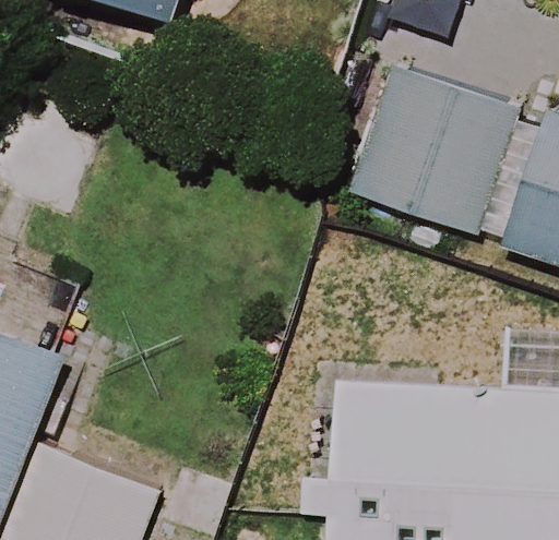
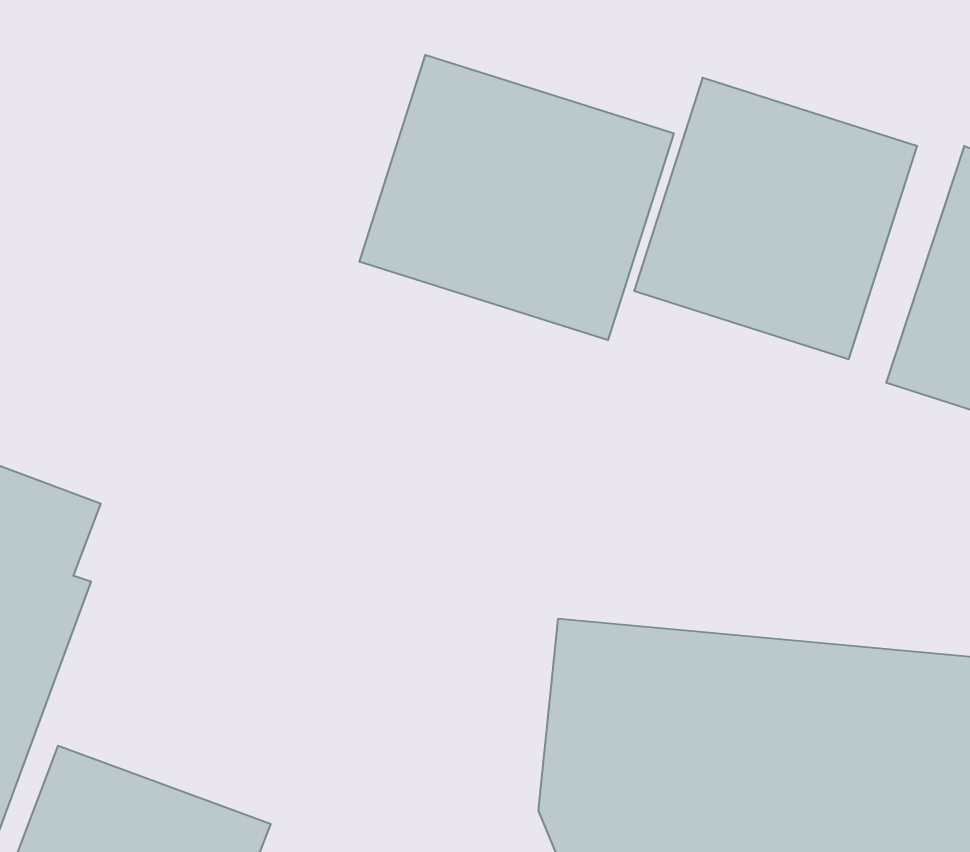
building: none -> [360,55,674,340]

